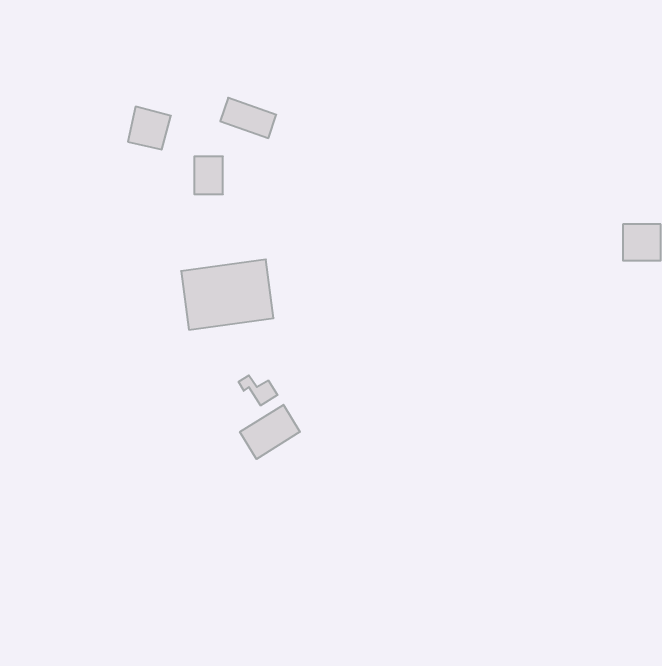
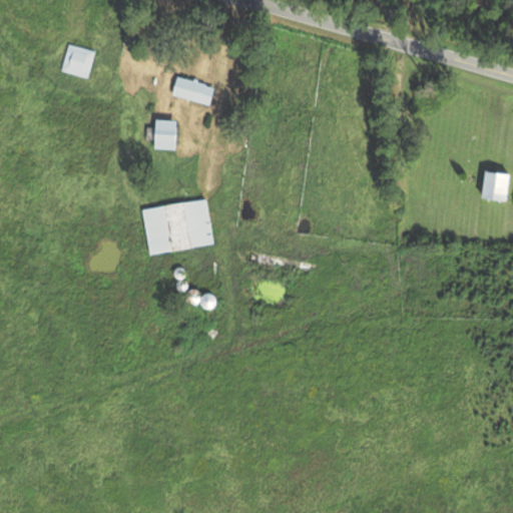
building: [128,107,171,150] -> [63,44,96,77]
building: [240,405,300,459] -> none

